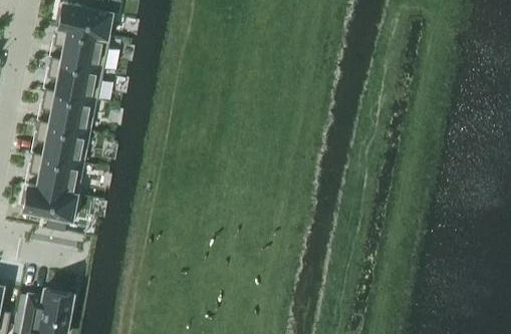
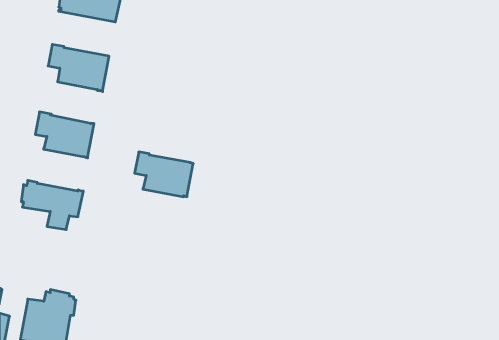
building: [54,25,110,67] -> none
building: [41,87,96,130] -> none
building: [29,151,84,194] -> [135,152,193,197]

